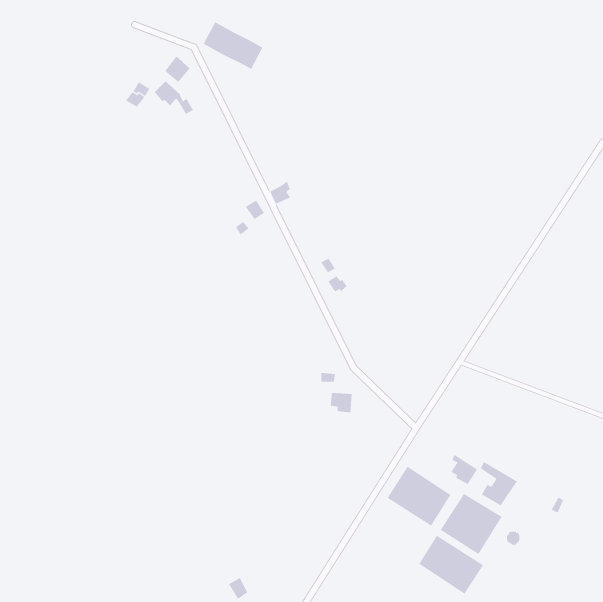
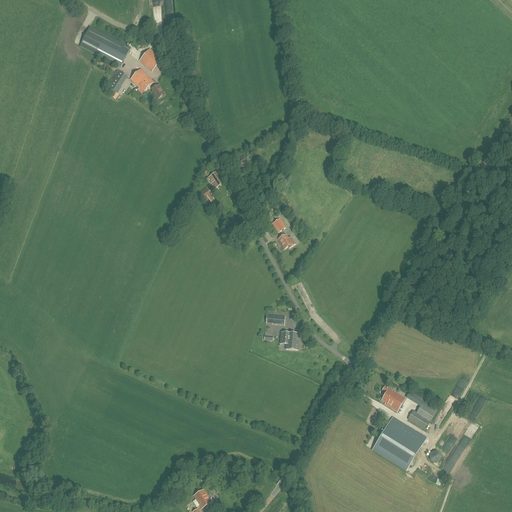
building: [203,21,263,70] -> [79,25,130,66]
building: [387,466,451,526] -> none
building: [418,535,484,595] -> none

